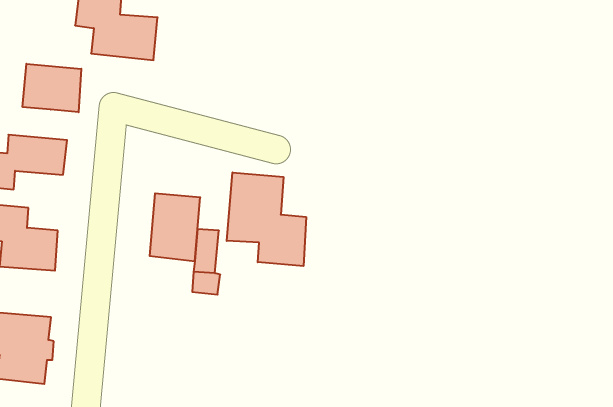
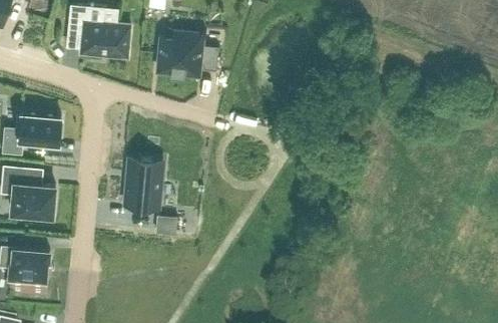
building: none -> [156,29,217,75]
building: [23,64,81,112] -> none
building: [227,172,306,266] -> none

